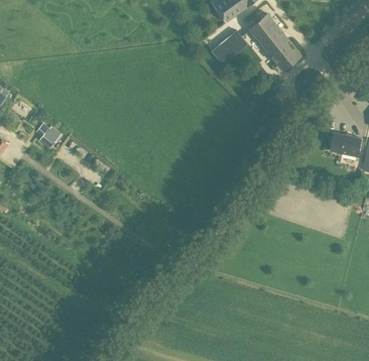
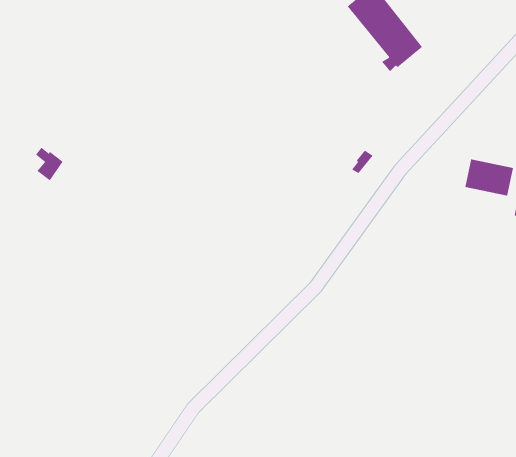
building: [212,31,248,66] -> none

